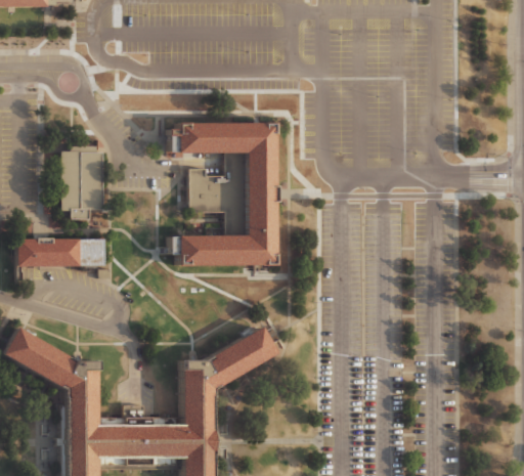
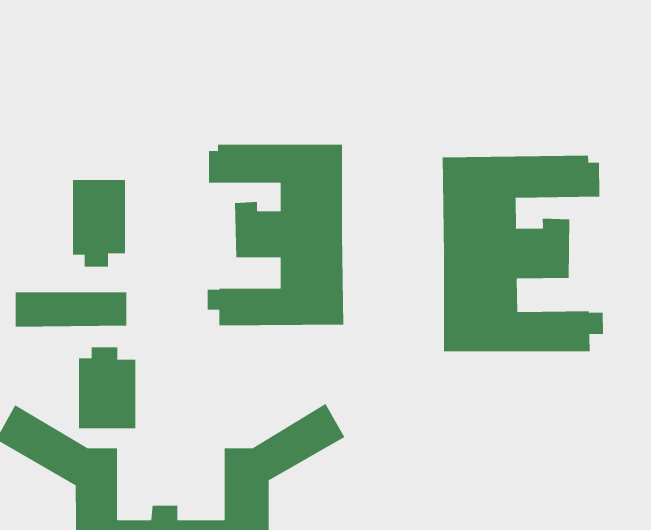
building: none -> [442,155,604,352]
building: none -> [78,347,136,429]

